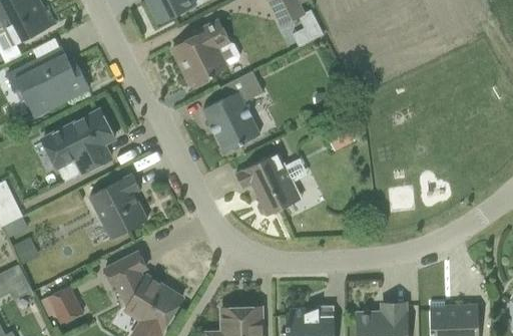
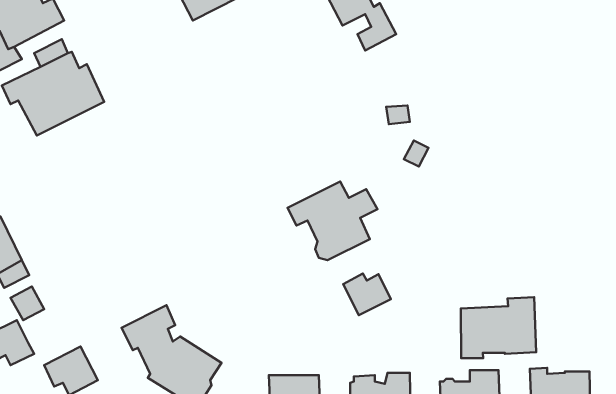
building: [172,18,239,86] -> none
building: [202,70,263,152] -> none
building: [40,109,114,182] -> none
building: [88,174,147,239] -> none
building: none -> [343,273,391,315]
building: none -> [461,297,536,358]

